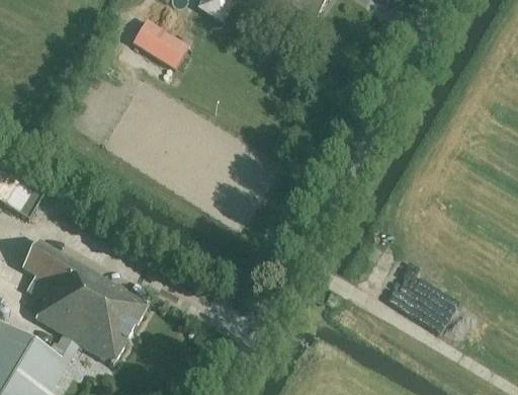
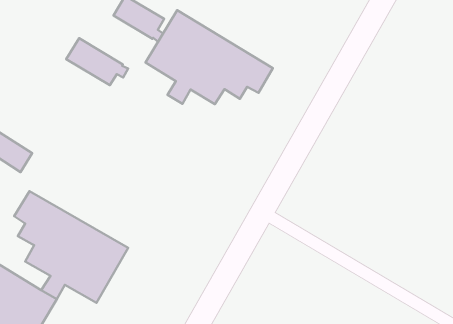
building: none -> [145,10,273,104]
building: none -> [66,38,128,85]

